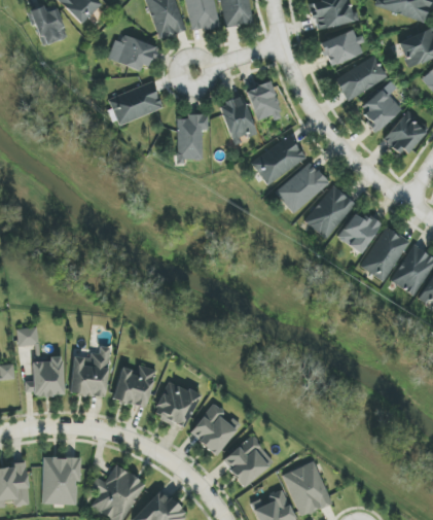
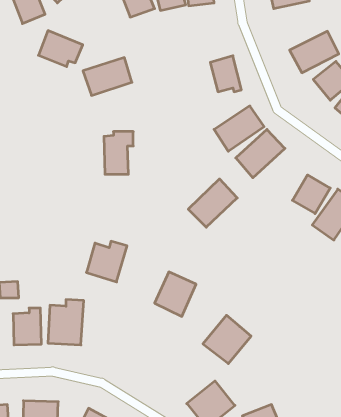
building: [320,29,363,67] -> none
building: [109,32,157,71] -> [38,31,83,67]
building: [218,96,256,144] -> none
building: [176,114,208,161] -> [104,132,133,174]
building: [301,185,355,238] -> [188,179,237,227]
building: [112,365,156,409] -> [86,241,127,282]
building: [153,381,199,429] -> [155,272,196,316]
building: [188,403,241,455] -> [203,315,251,364]

